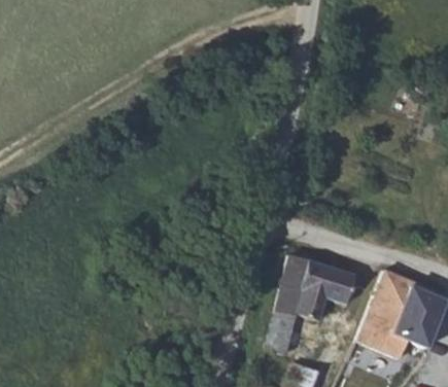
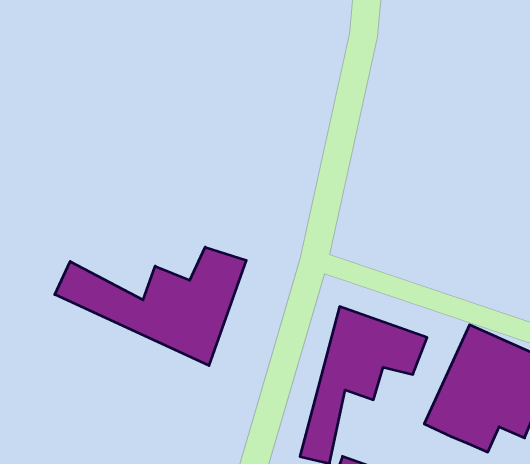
building: none -> [55,247,246,366]

